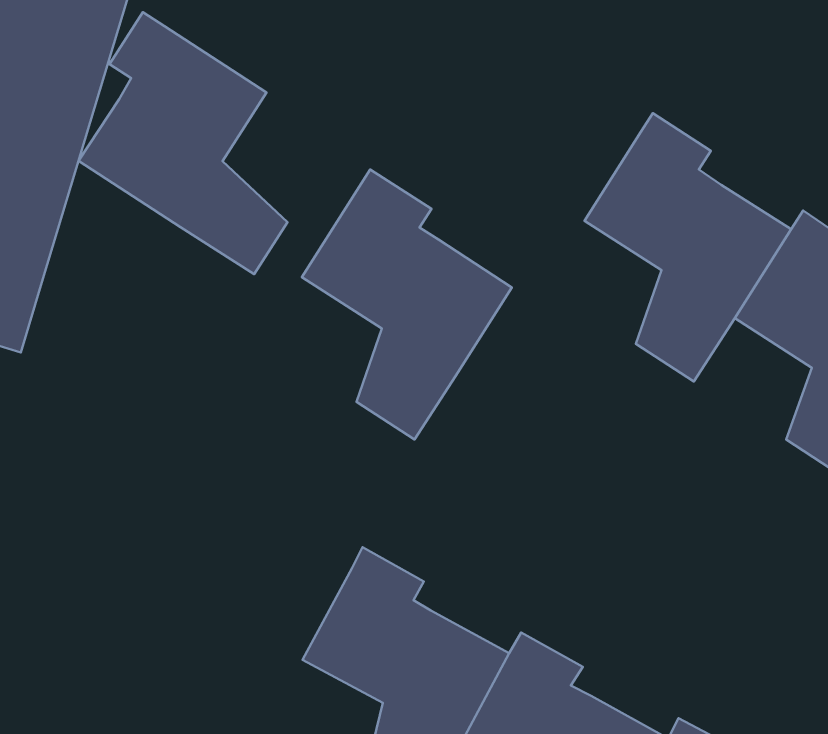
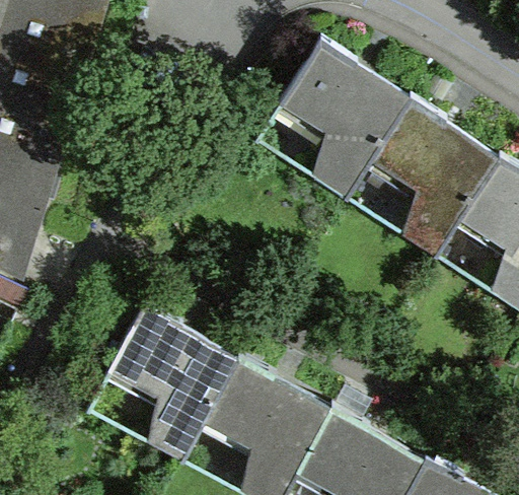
building: [78,12,287,274] -> none
building: [302,169,512,439] -> [279,38,403,198]
building: none -> [107,302,232,459]

